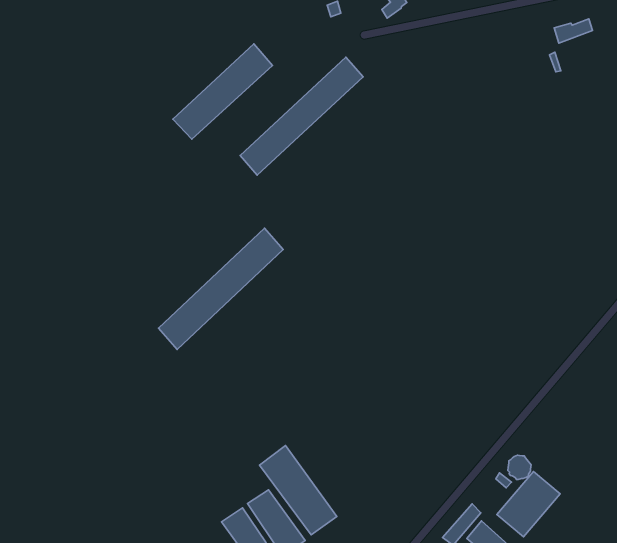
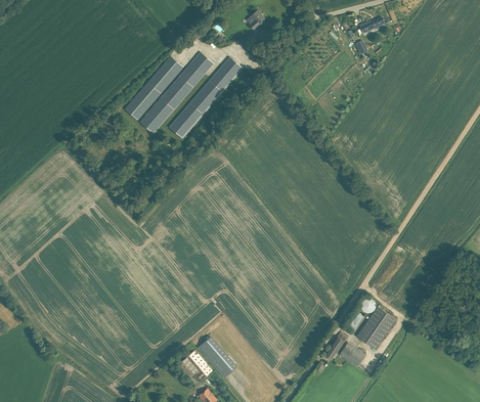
building: [158,228,283,350] -> [139,51,213,134]
building: [259,446,337,535] -> none

